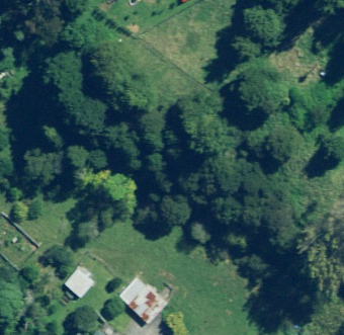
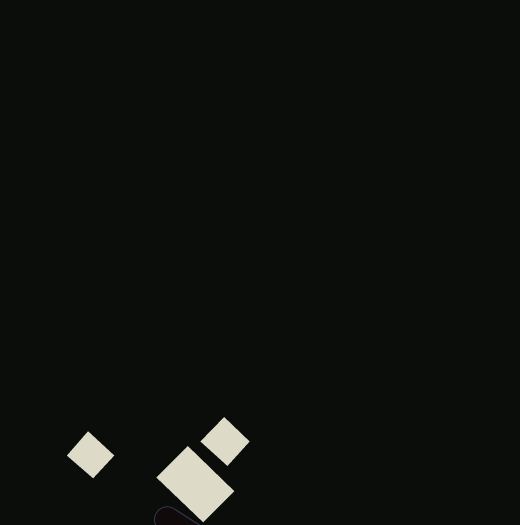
building: none -> [199,416,250,467]

